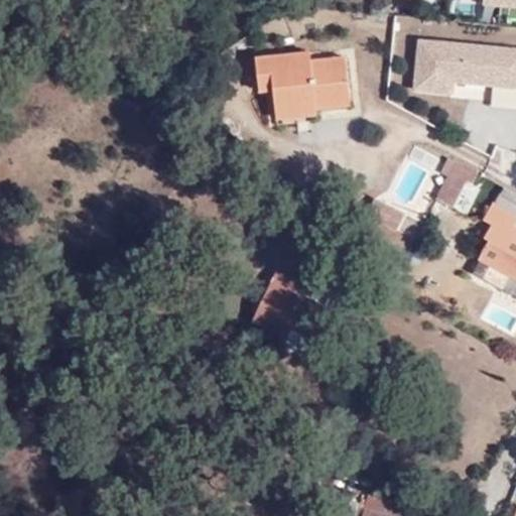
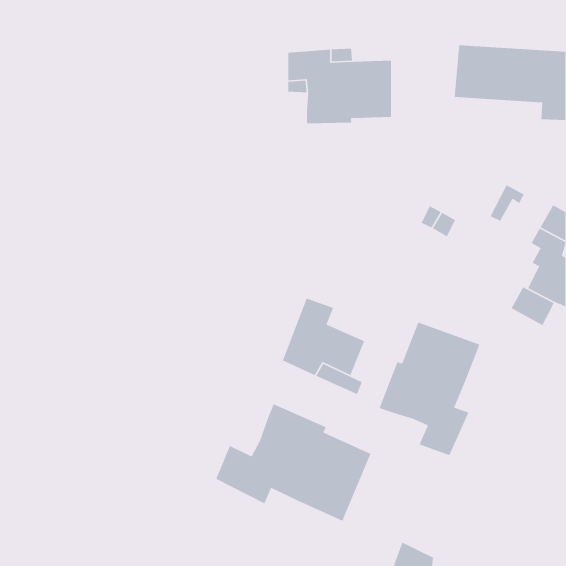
building: none -> [379,322,480,456]
building: none -> [215,403,371,522]

